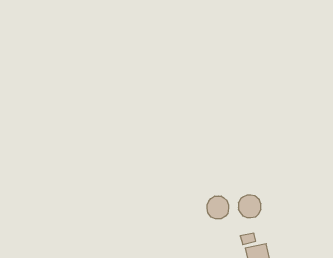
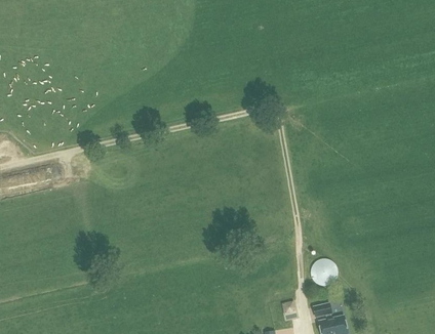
building: [207,196,229,219] -> none

